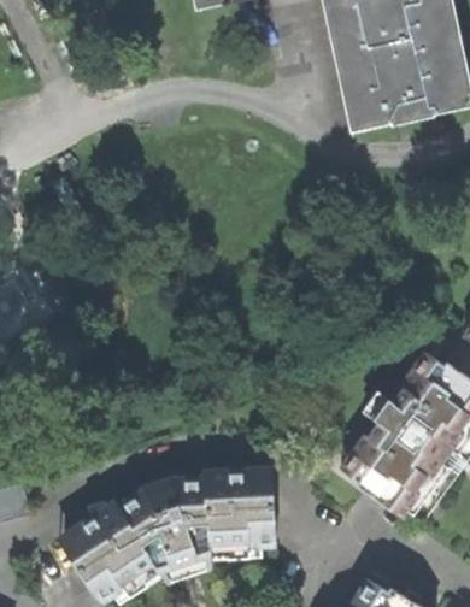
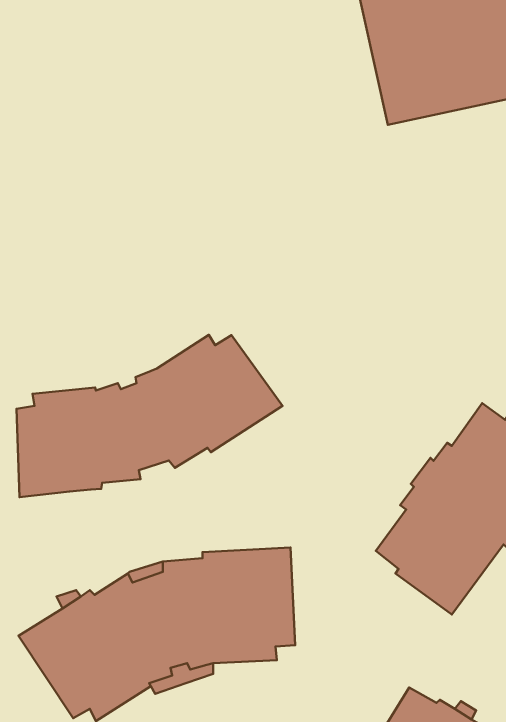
building: none -> [16,335,283,497]

